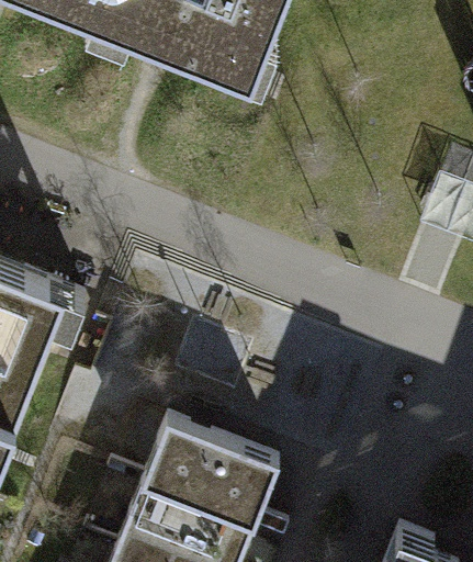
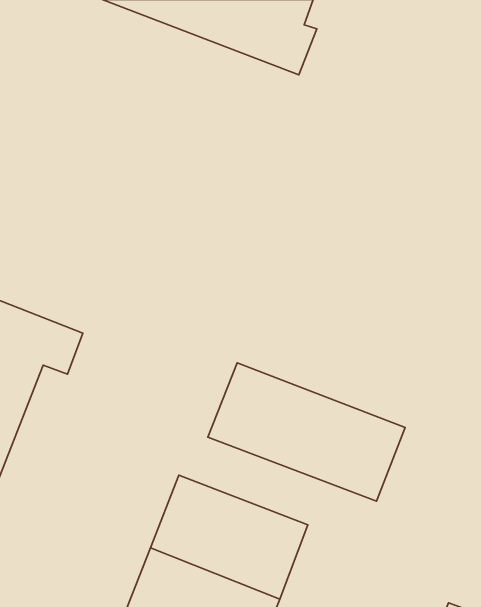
building: none -> [208,363,405,501]

